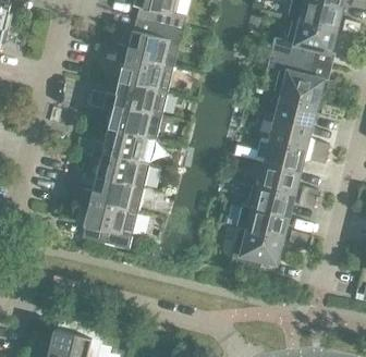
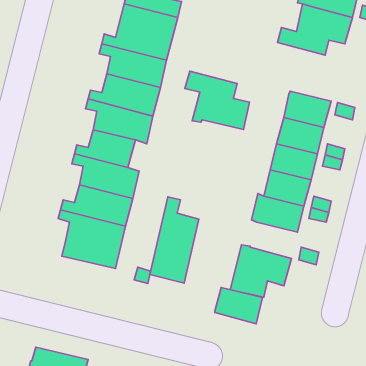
building: [267,51,324,102] -> [185,71,250,130]
building: none -> [150,197,199,283]
building: [247,208,289,239] -> [215,288,262,324]

